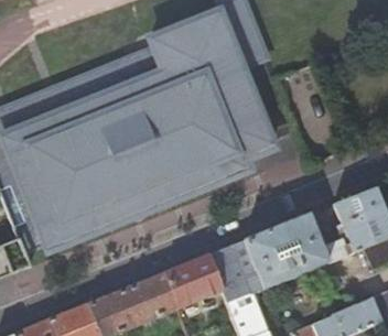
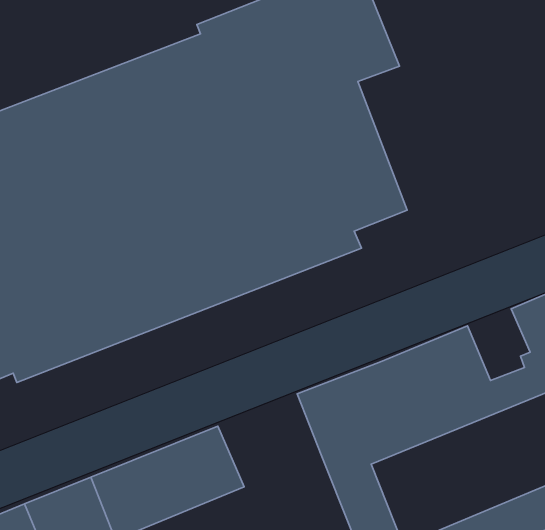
building: [164,253,225,307] -> none

